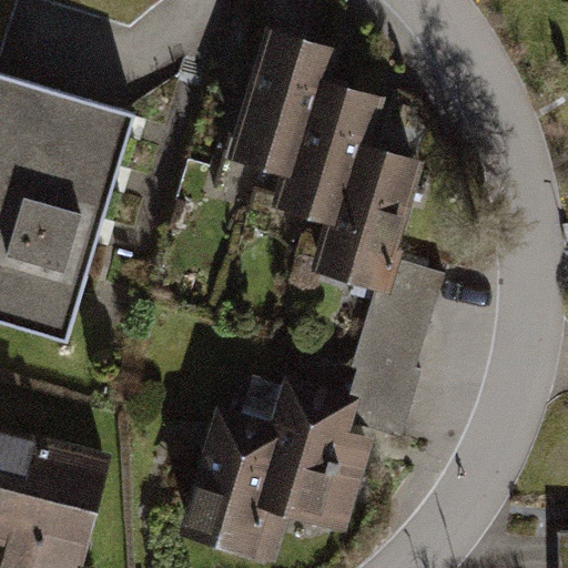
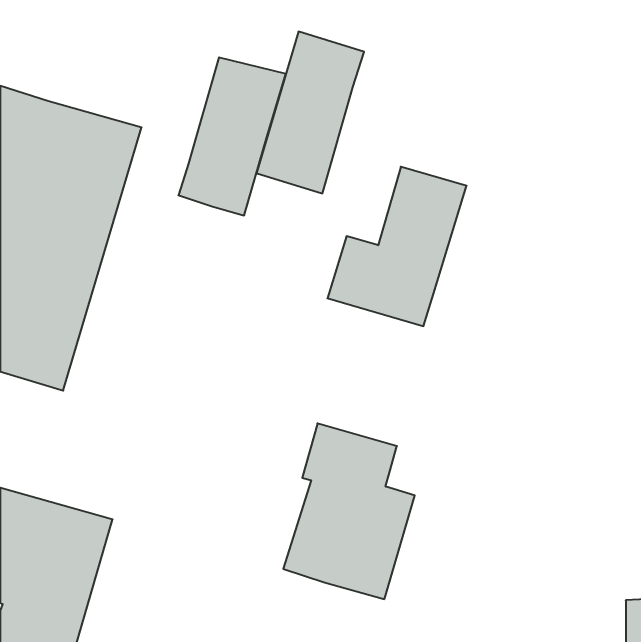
building: [278,80,373,219] -> [178,57,286,215]
building: [346,257,445,436] -> none
building: [175,405,290,561] -> none

